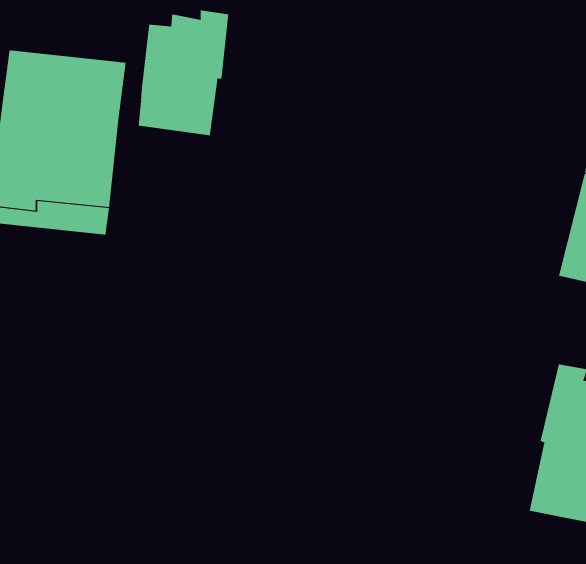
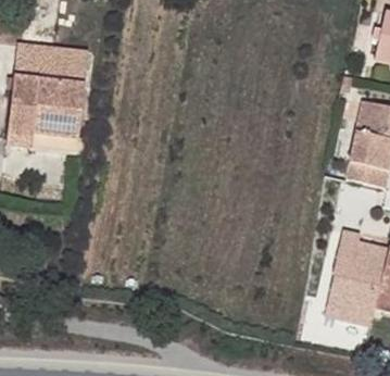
building: [138,10,229,136] -> none

